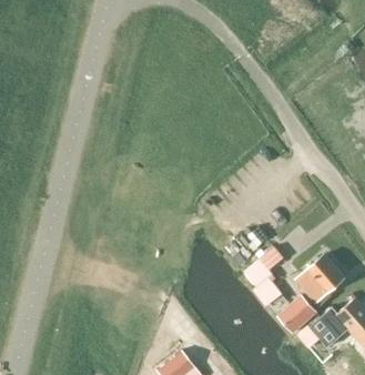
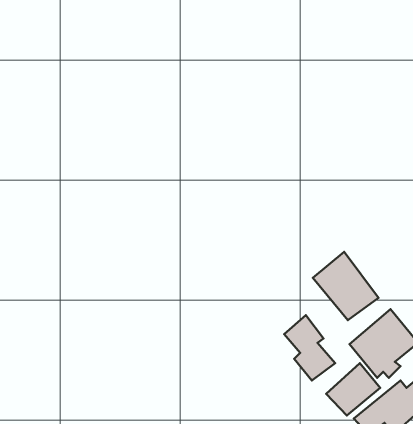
building: none -> [313,252,378,320]

